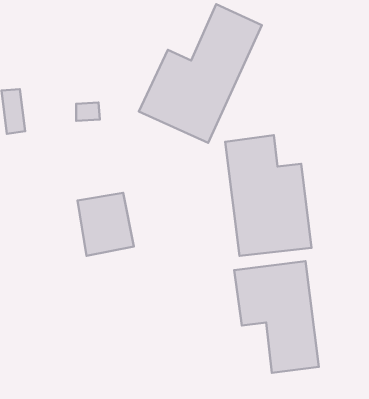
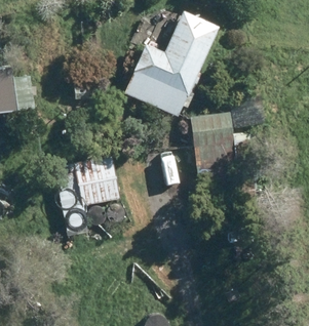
building: [234,261,319,373] -> none

